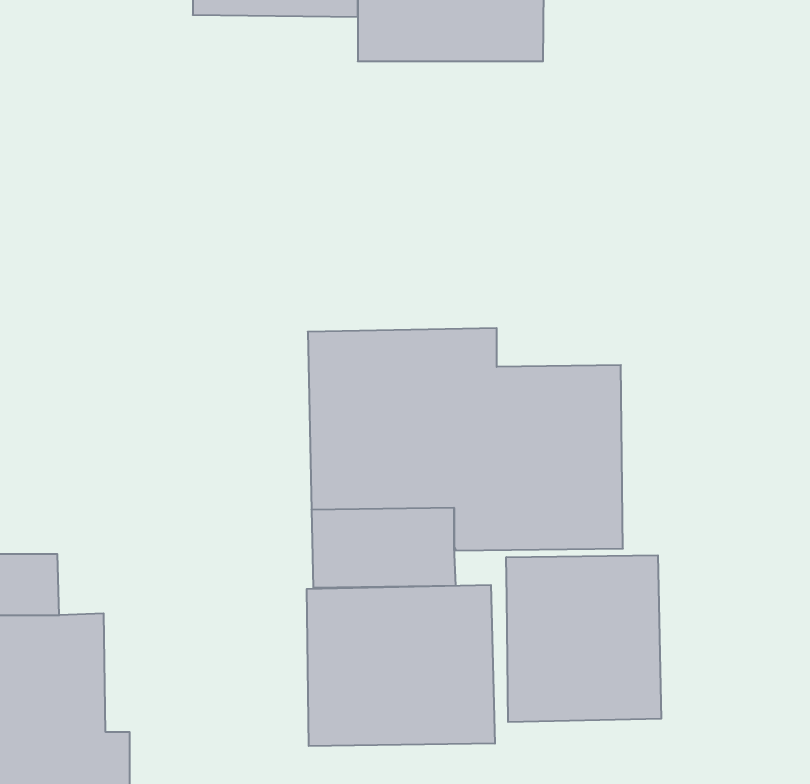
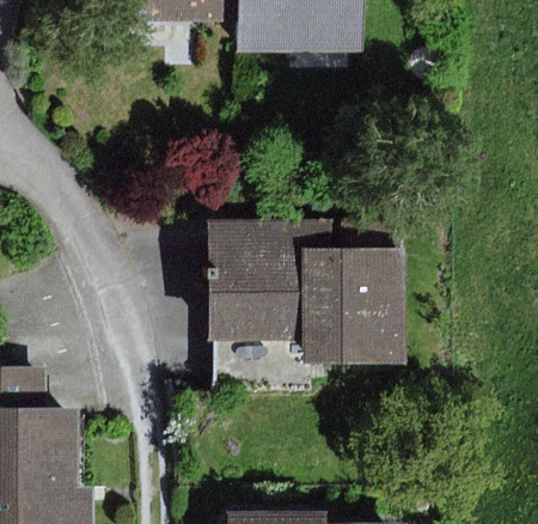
building: [506,555,661,722] -> none
building: [307,585,495,746] -> none

